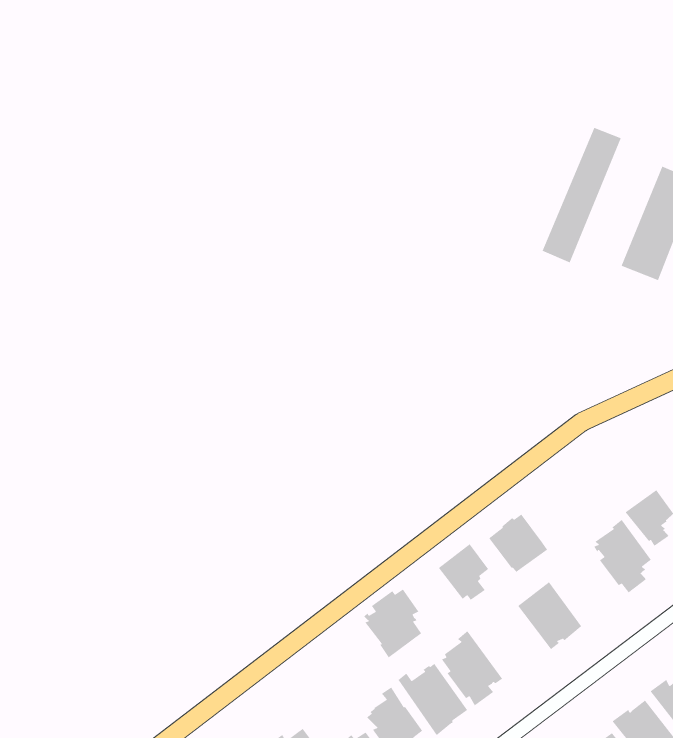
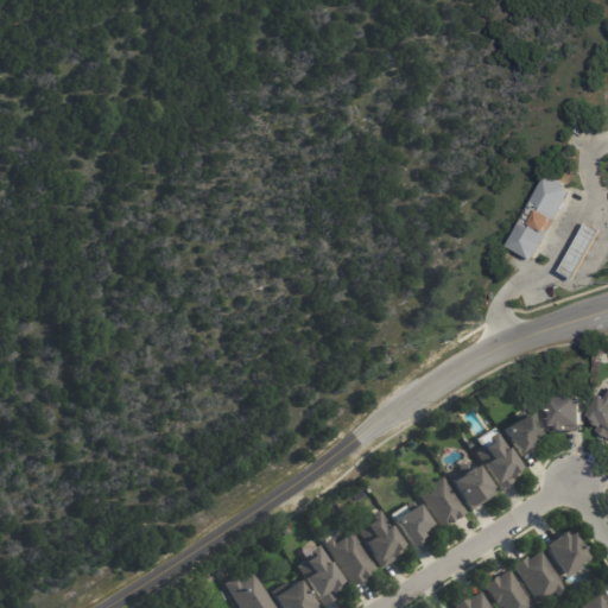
building: [542,127,622,264] -> none
building: [488,513,548,573] -> [450,466,494,509]
building: [438,543,489,601] -> [391,505,429,547]
building: [364,588,422,659] -> none

